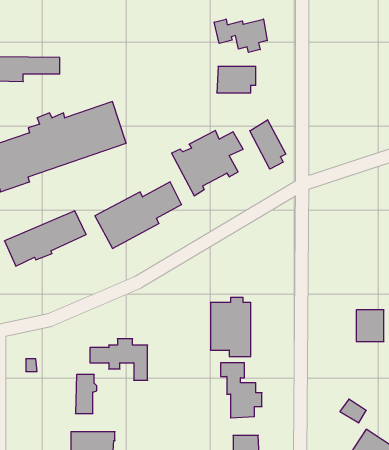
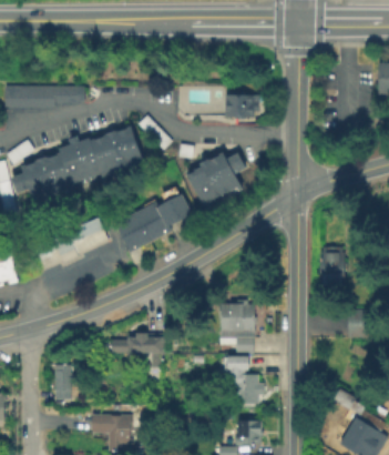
building: [214,19,267,52] -> none
building: [250,120,286,169] -> none
building: none -> [321,245,344,285]
building: [75,375,97,413] -> [54,366,73,401]

